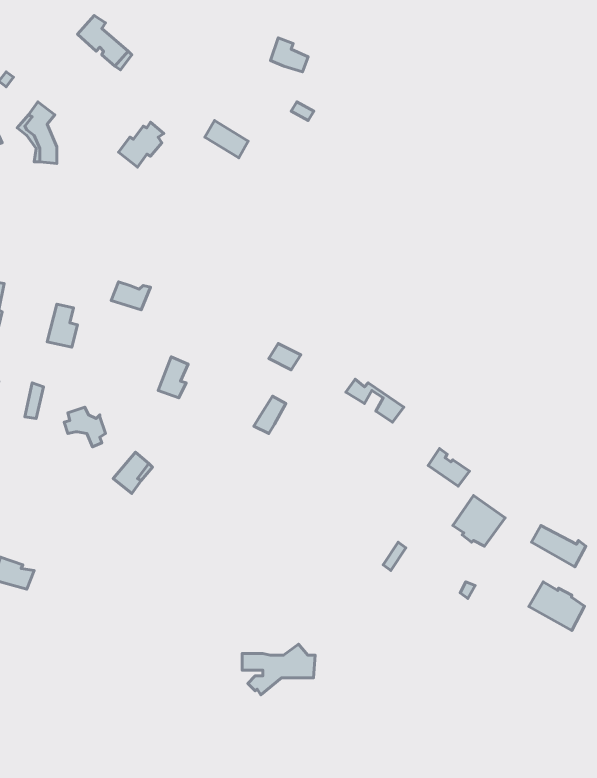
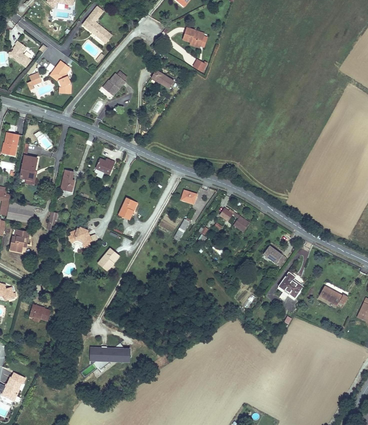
building: [529,582,584,631] -> none
building: [242,644,315,695] -> [88,344,127,371]

